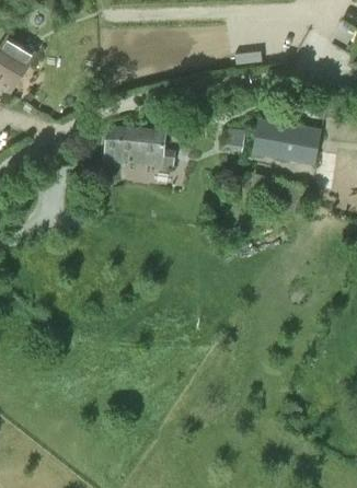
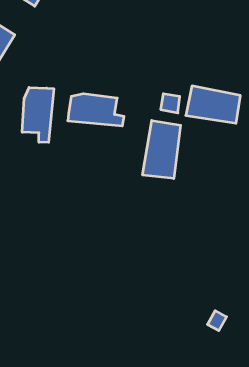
building: none -> [22,87,54,142]
building: none -> [143,120,181,179]

